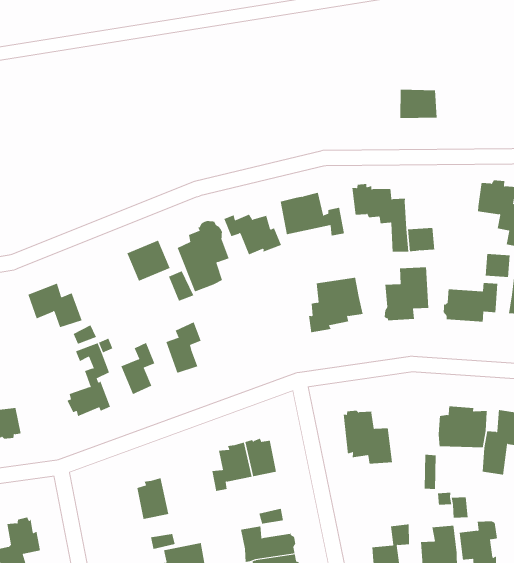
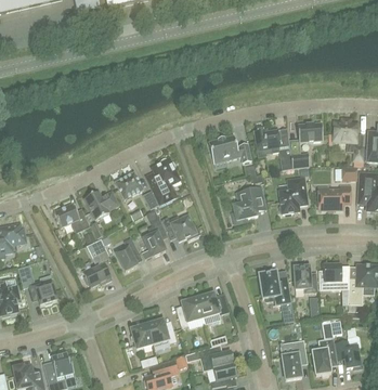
building: [399,89,437,119] -> [298,122,323,142]
building: [223,214,282,255] -> [161,214,199,240]
building: none -> [84,191,118,219]
building: none -> [294,264,317,291]
building: none -> [146,318,177,343]

